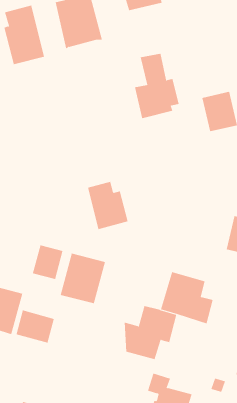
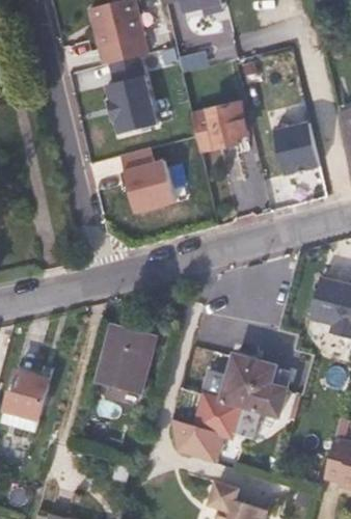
building: [3,5,45,65] -> [105,54,158,131]
building: [87,181,129,230] -> [123,146,176,209]
building: [32,244,63,280] -> none
building: [16,310,55,344] -> none

